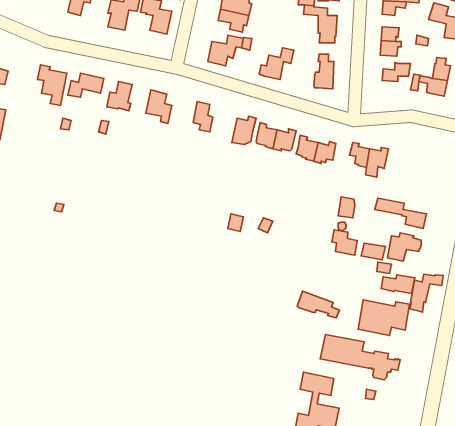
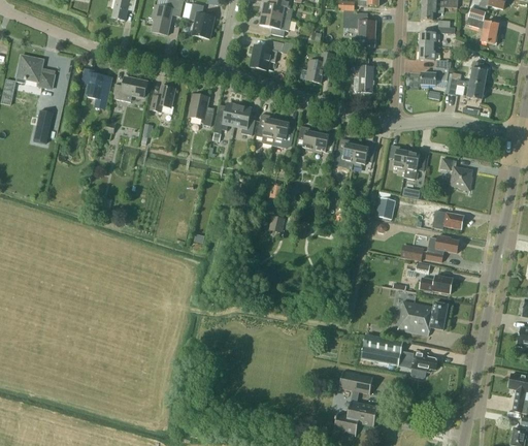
building: none -> [213,102,239,133]
building: none -> [257,113,278,145]
building: none -> [440,158,472,190]
building: [332,230,357,255] -> none
building: [410,274,443,312] -> none
building: [297,291,340,318] -> none

